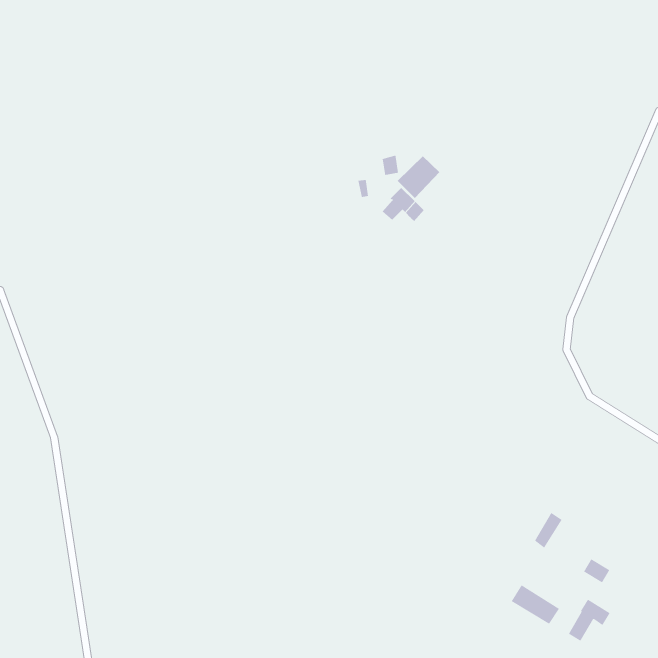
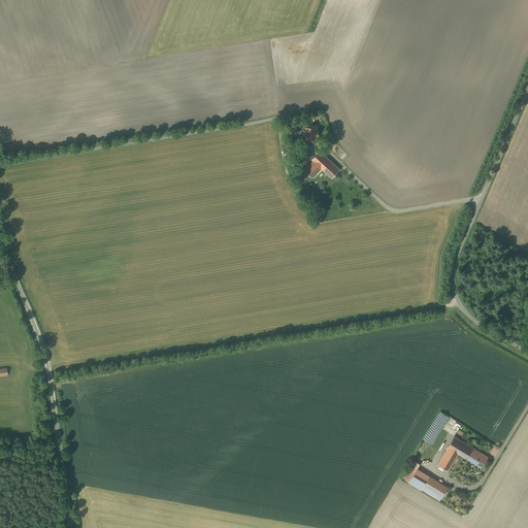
building: [397,156,440,199] -> none
building: [568,599,611,641] -> [439,435,473,469]

